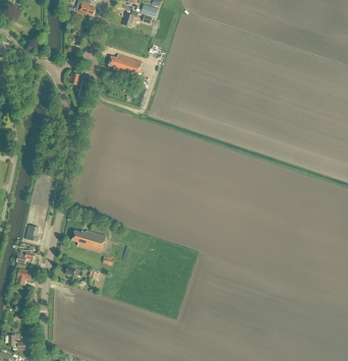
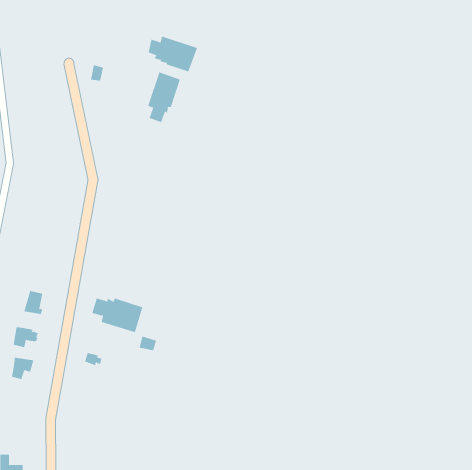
building: none -> [148,72,181,123]

